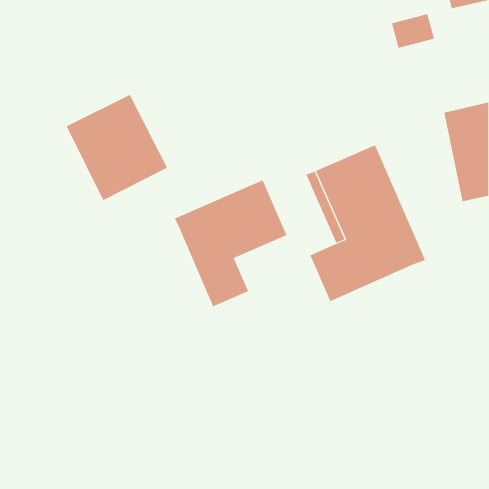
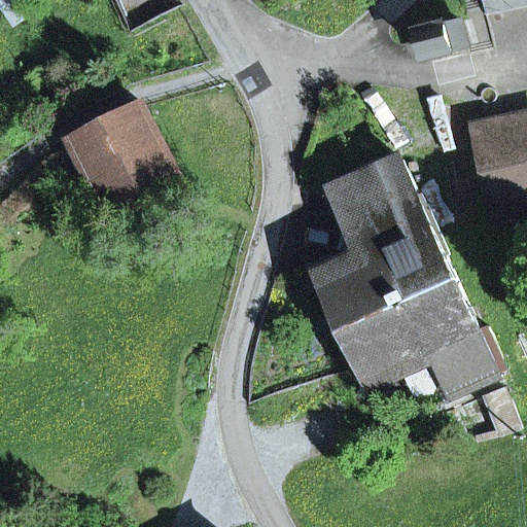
building: [174,180,287,307] -> none
building: none -> [350,281,495,389]

